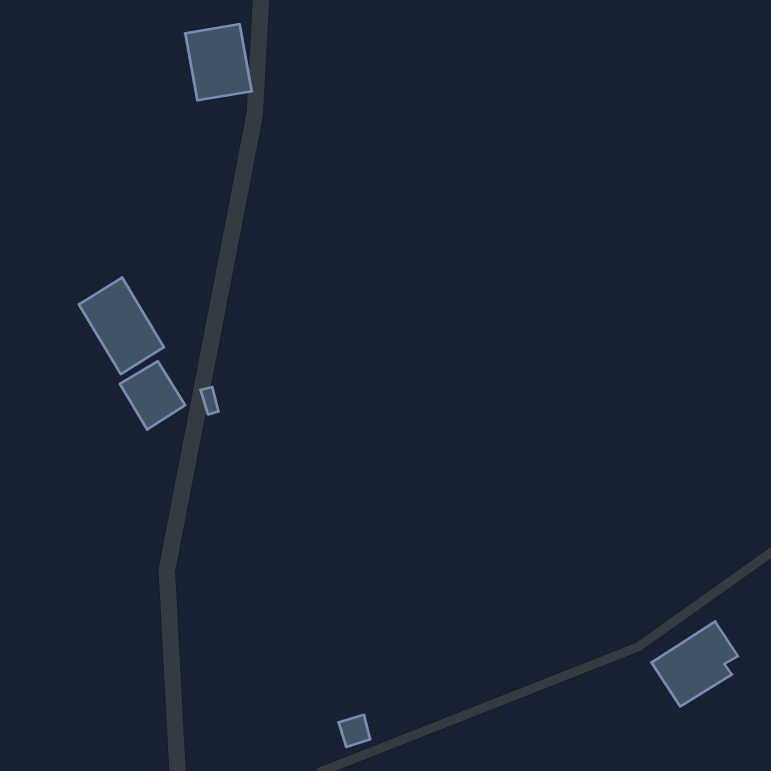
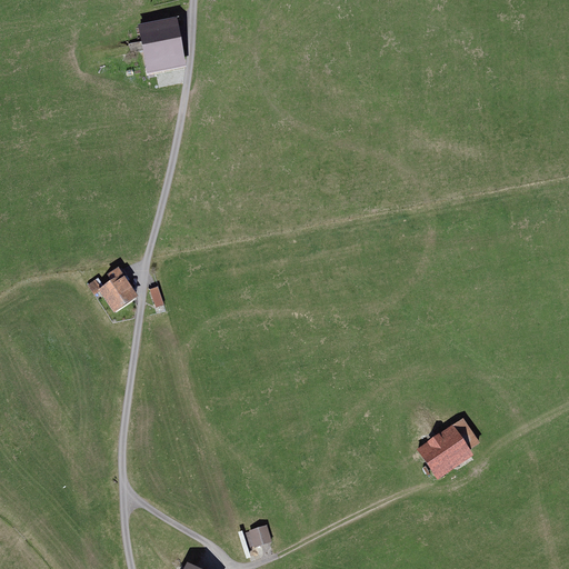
building: [79,277,164,374] -> none
building: [651,621,738,706] -> [417,417,480,479]

